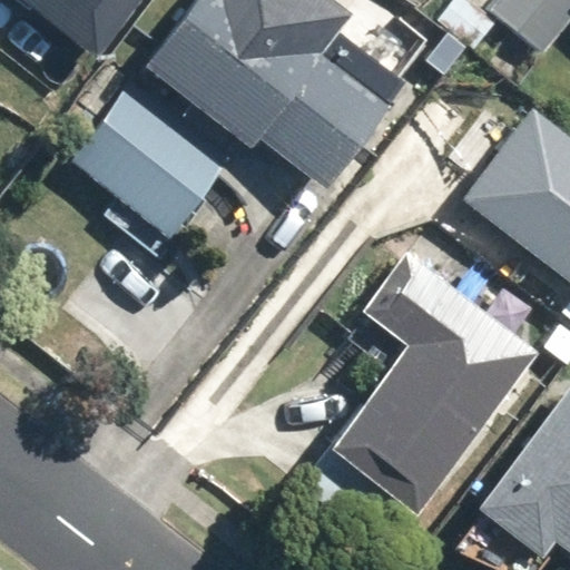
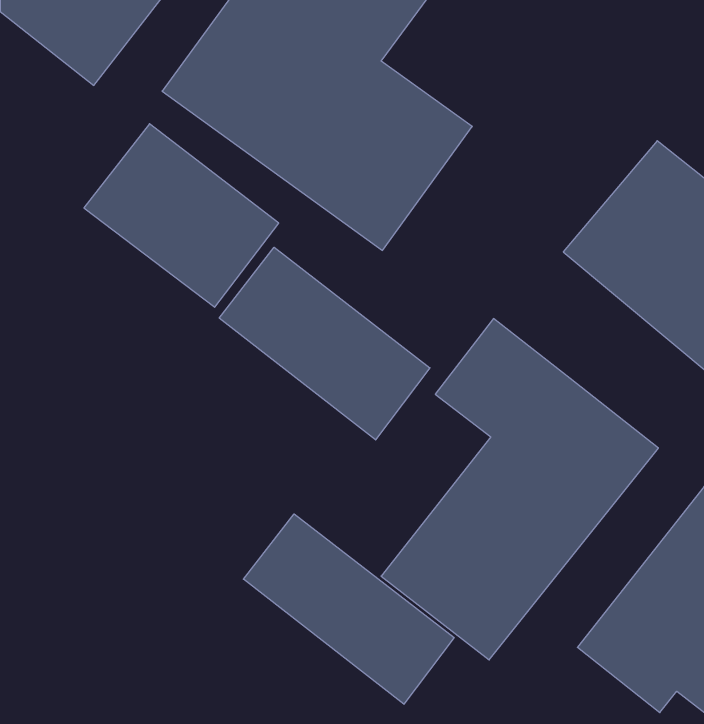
building: none -> [219,247,430,440]
building: none -> [243,514,454,704]

